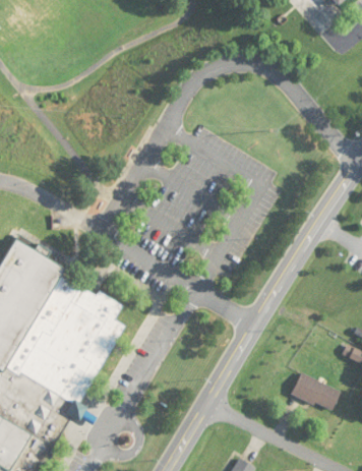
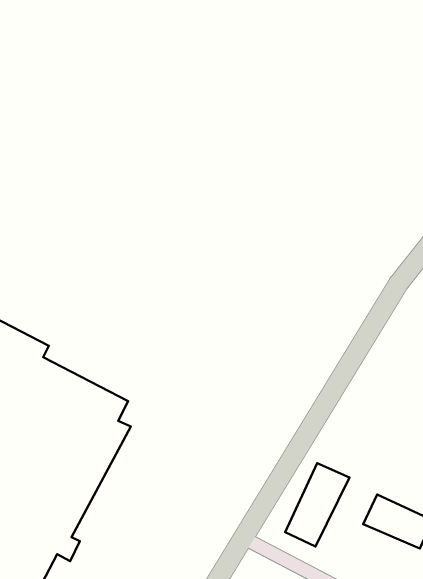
building: none -> [285,463,349,546]

